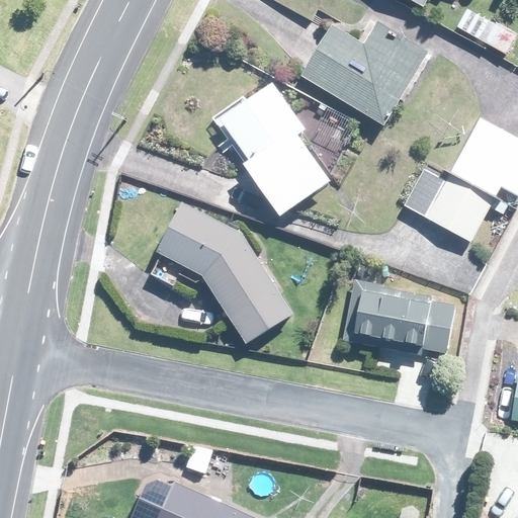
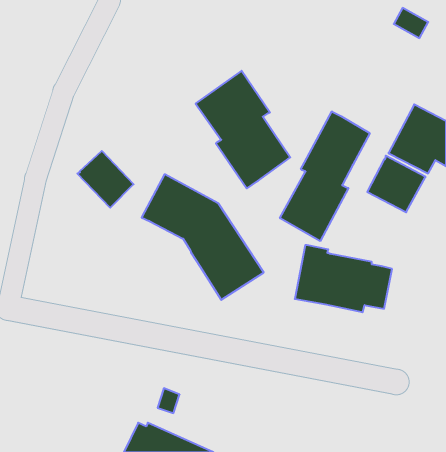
building: [295,22,421,126] -> none
building: none -> [280,111,370,241]
building: none -> [77,151,134,208]

